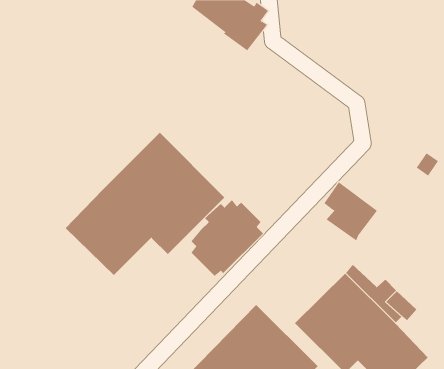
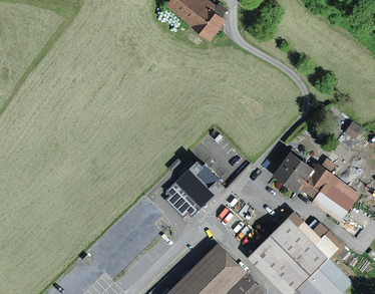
building: [65,132,225,276] -> none
building: none -> [299,163,360,223]

